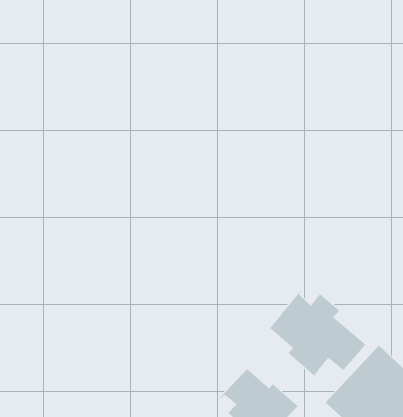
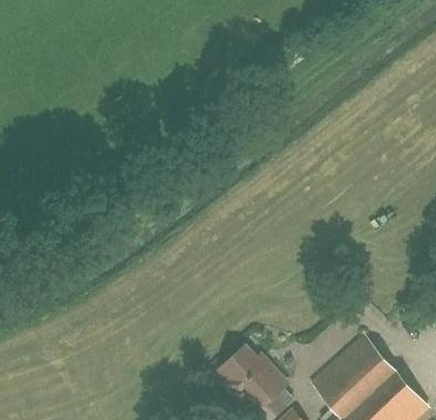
building: [269,289,367,377] -> none

